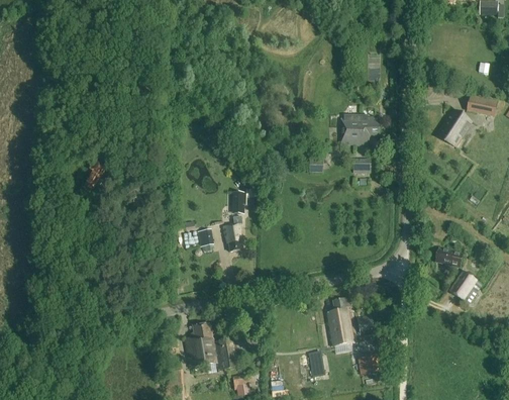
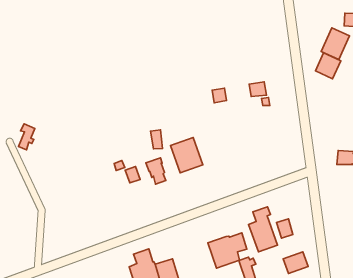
building: [341,116,380,144] -> none
building: none -> [315,53,341,79]
building: none -> [171,137,203,173]
building: none -> [208,233,247,268]

